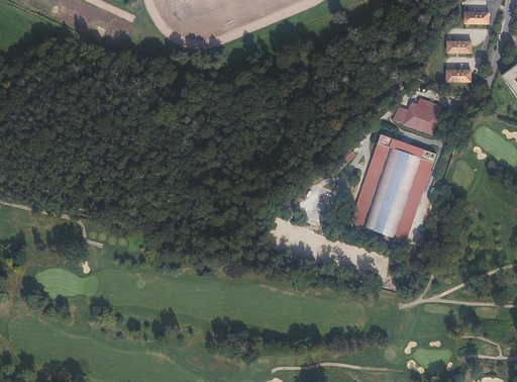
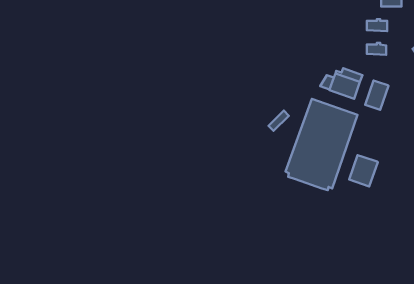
building: none -> [365,81,389,110]
building: none -> [349,155,378,186]

